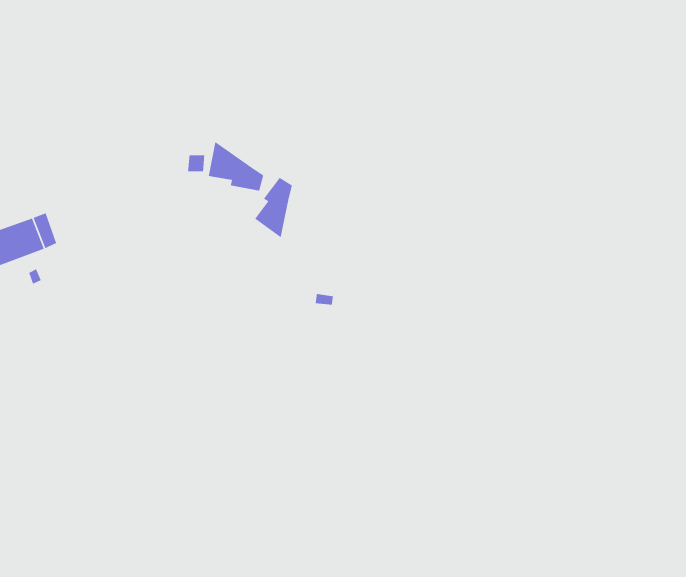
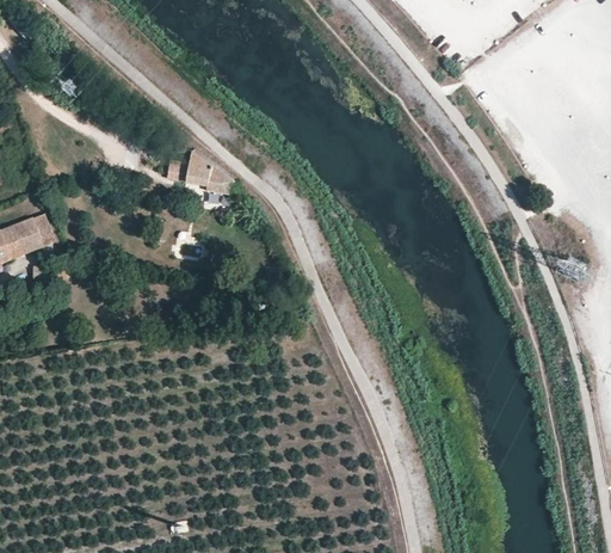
building: [254,177,293,238] -> none

